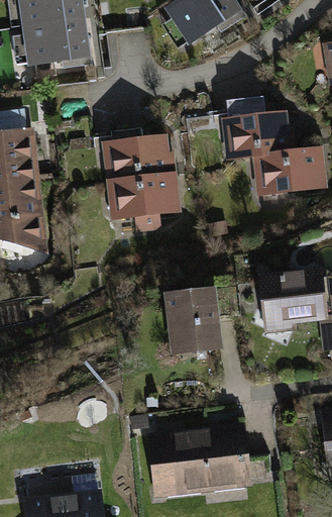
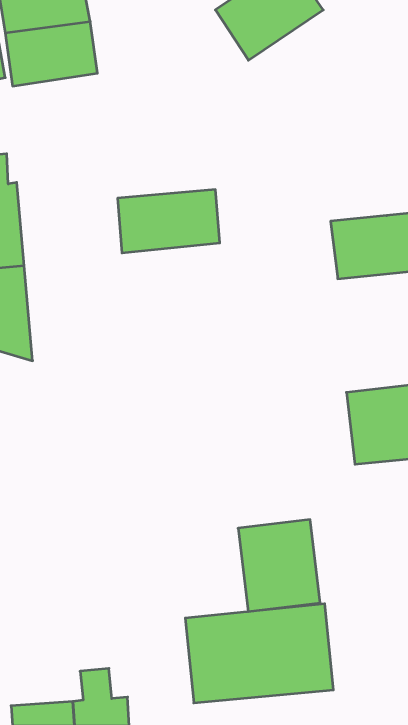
building: [218,109,290,159] -> none
building: [104,171,177,232] -> none
building: [168,287,225,351] -> [238,520,320,612]

